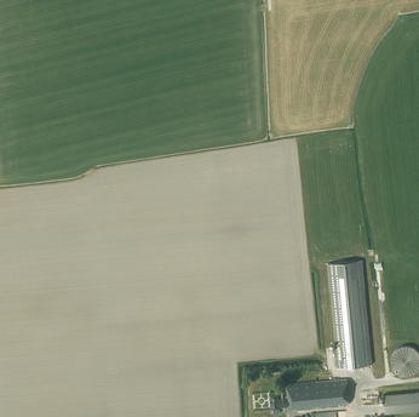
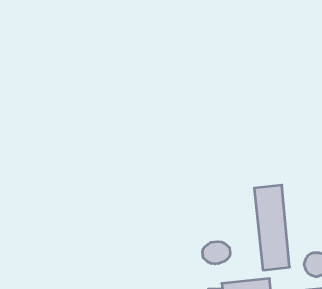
building: none -> [203,242,230,264]

